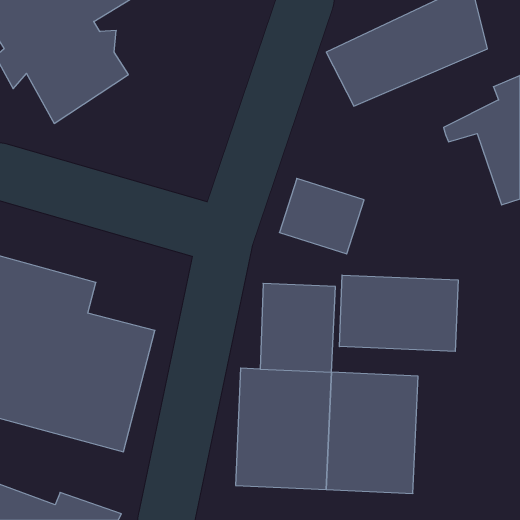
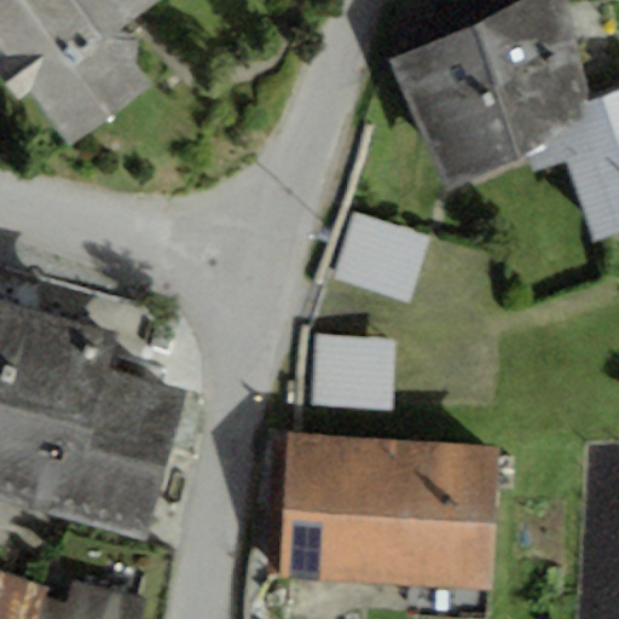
building: none -> [420,58,591,191]
building: [339,275,458,351] -> none

